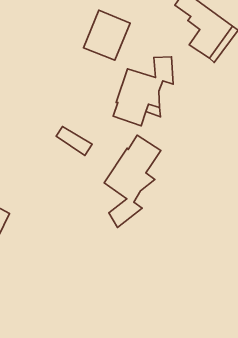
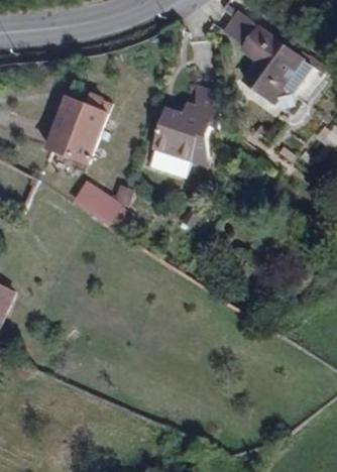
building: [84,10,130,60] -> [47,97,106,159]
building: [104,135,161,228] -> none

